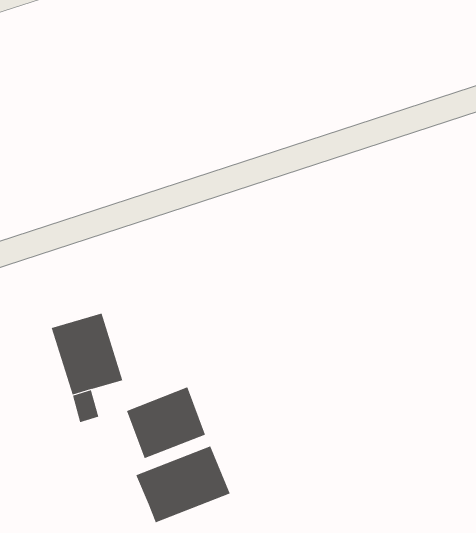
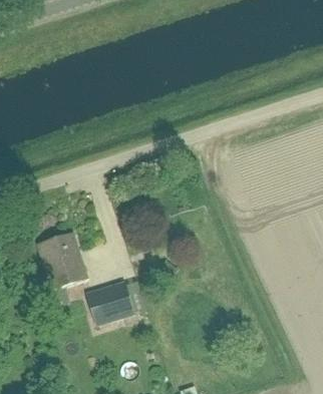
building: [136,445,230,523] -> none

